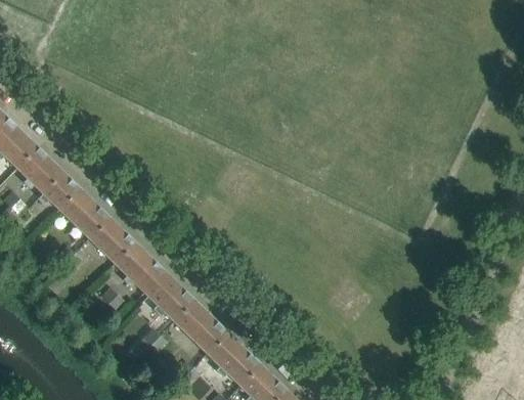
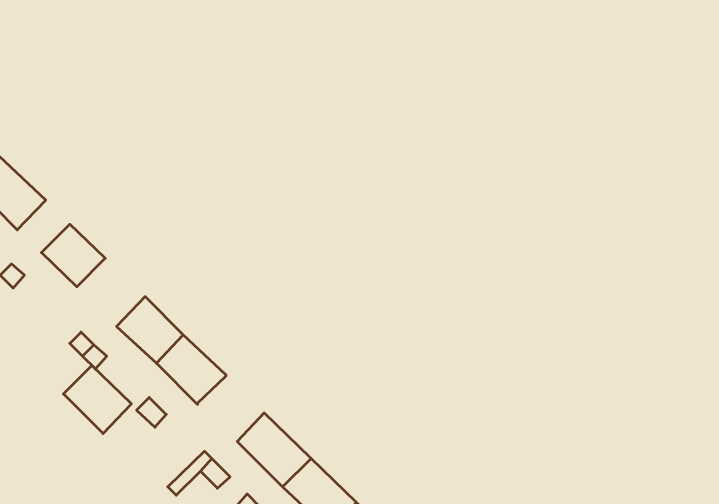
building: [15,145,53,183] -> none
building: [58,187,107,236] -> [63,365,131,434]
building: [148,274,193,319] -> none

